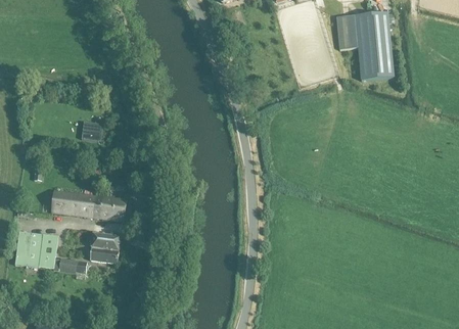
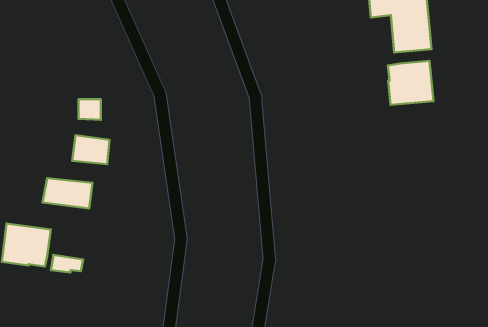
building: none -> [388,61,433,105]
building: [92,194,125,220] -> [72,135,109,164]
building: [90,233,120,263] -> none

